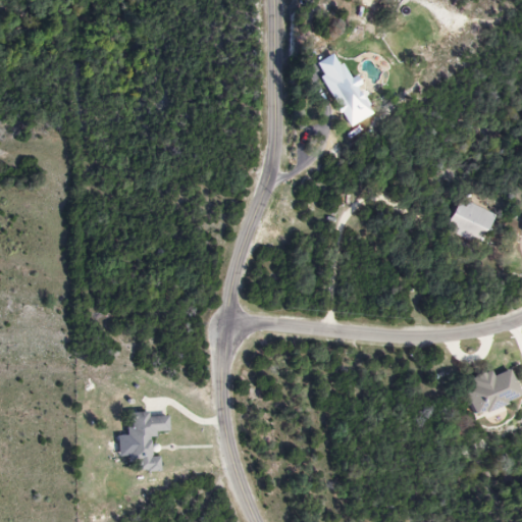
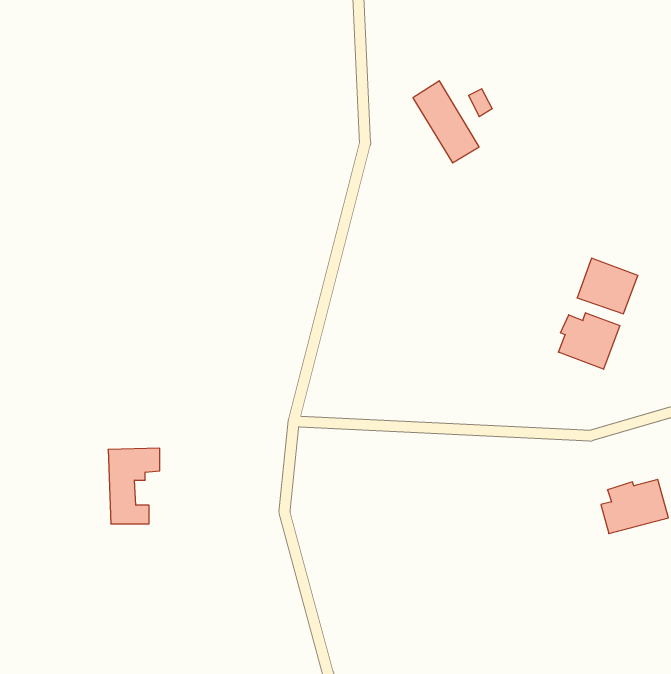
building: none -> [558,313,620,369]
building: [128,412,168,470] -> [108,448,160,524]

